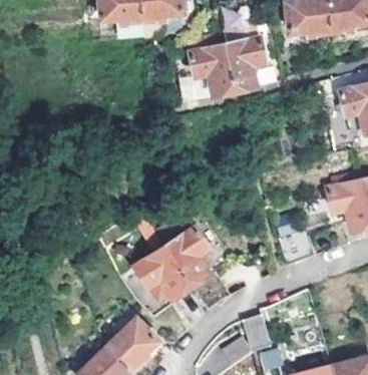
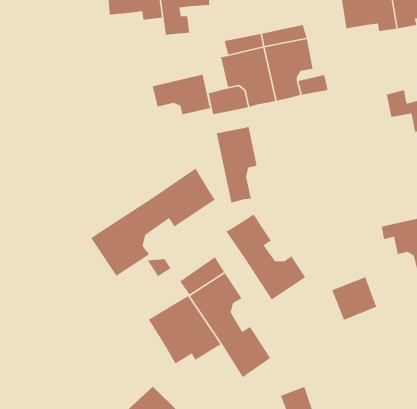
building: none -> [152,74,211,115]
building: none -> [216,126,257,204]
building: none -> [90,167,216,277]
building: none -> [226,214,306,300]

